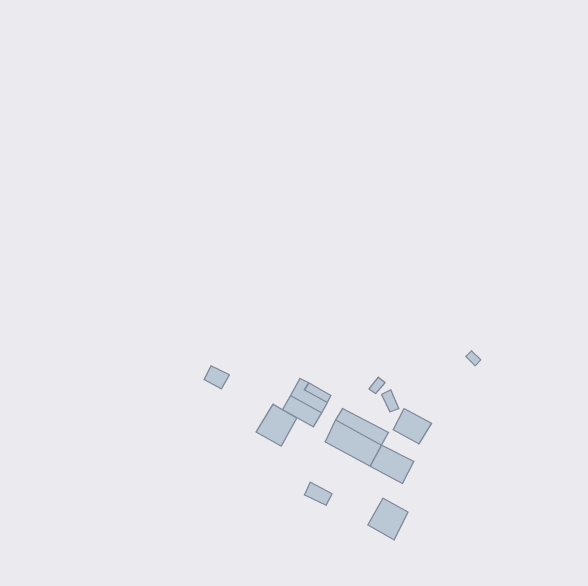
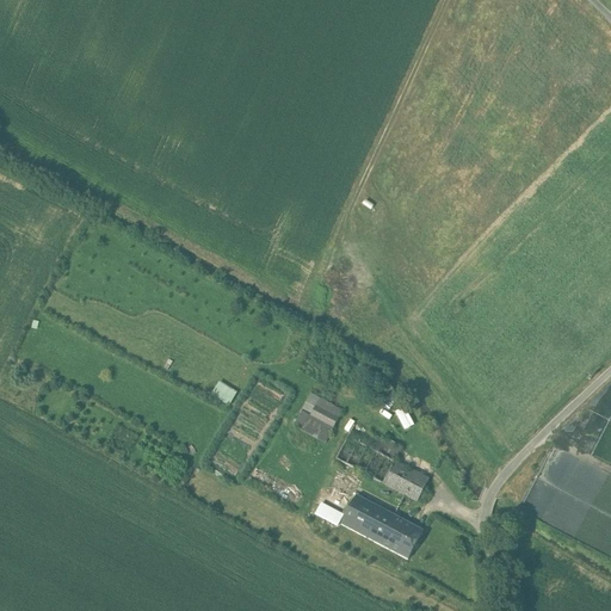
building: [256,404,297,446] -> none
building: [393,409,432,444] -> none
building: none -> [341,494,396,543]

